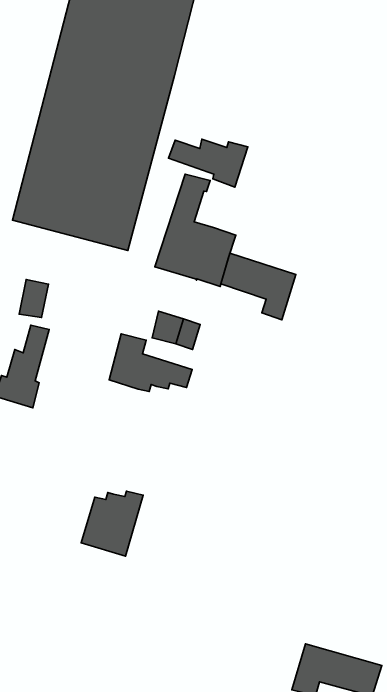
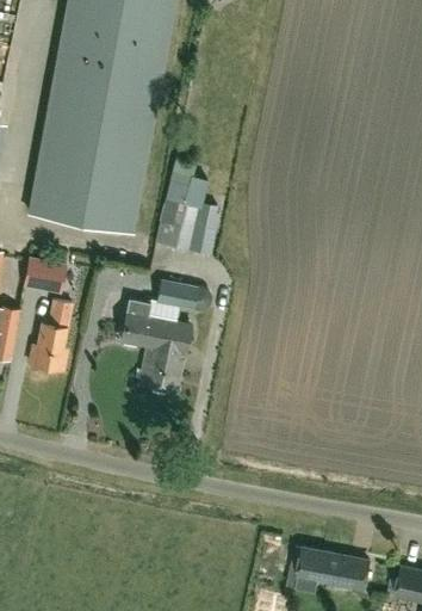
building: [168,139,248,187] -> none
building: [221,253,296,320] -> none
building: [81,491,143,556] -> [141,339,190,394]

